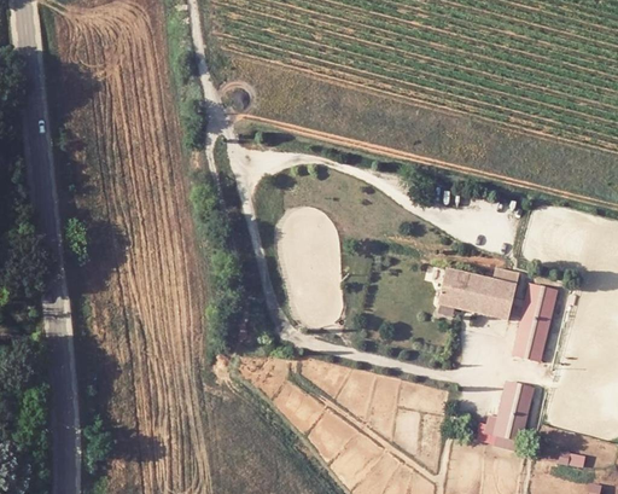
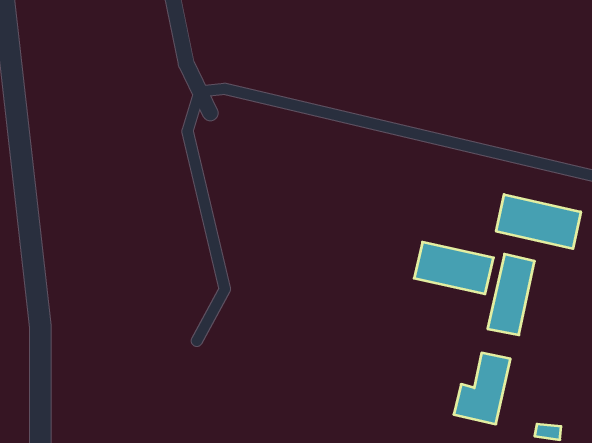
building: none -> [496,194,581,249]

